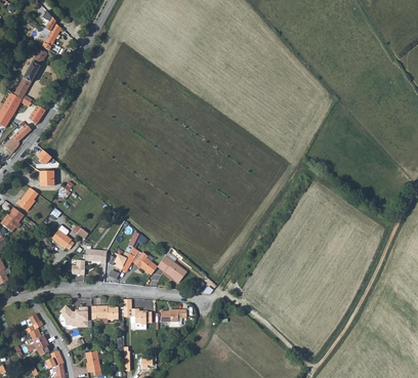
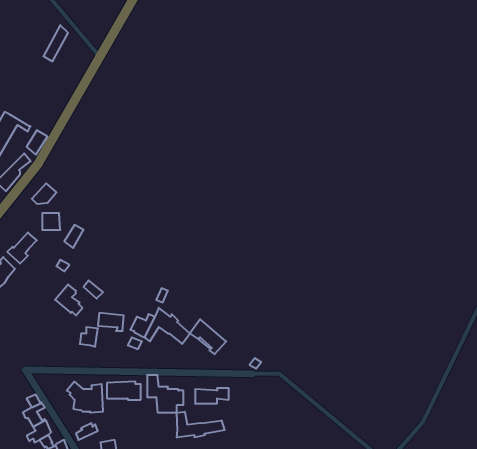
building: [14,48,46,101] -> none
building: none -> [177,412,225,438]

